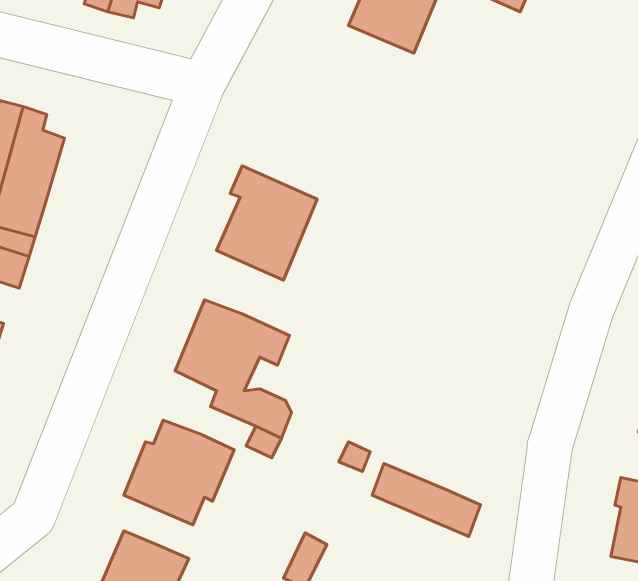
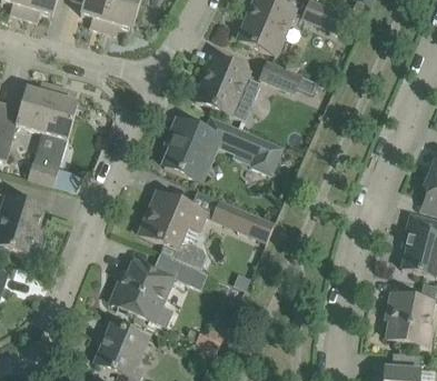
building: none -> [195,56,262,121]
building: none -> [260,60,317,93]
building: none -> [229,128,284,176]
building: [372,464,481,537] -> [212,199,274,240]

